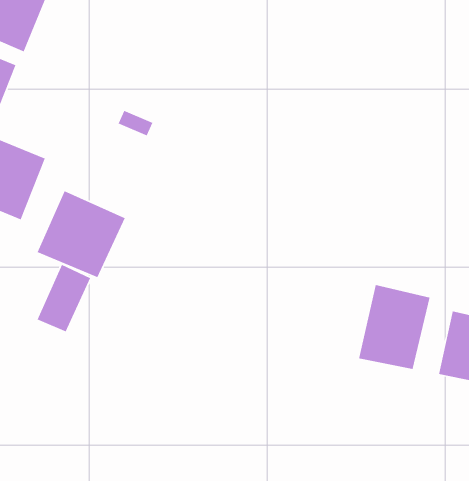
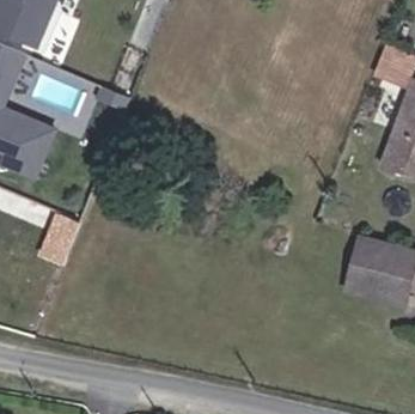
building: [37,190,126,278] -> none
building: [358,284,430,370] -> none

